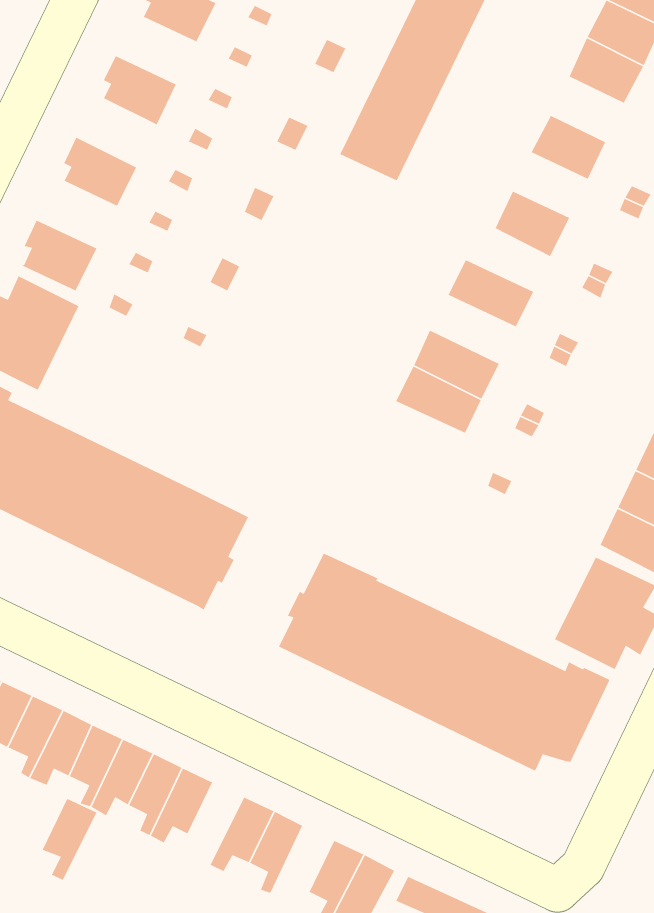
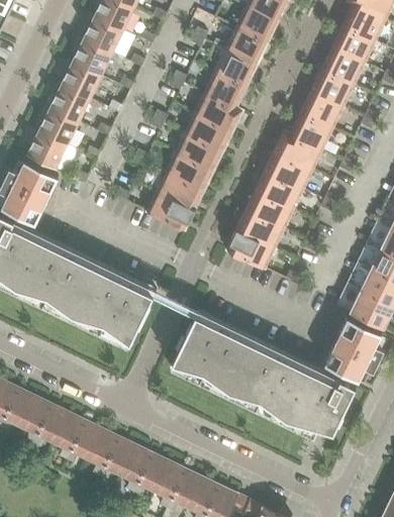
building: none -> [79,12,124,51]
building: none -> [322,47,364,84]
building: none -> [61,58,102,98]
building: none -> [301,90,343,126]
building: none -> [146,91,243,229]
building: none -> [34,104,80,143]
building: none -> [275,129,322,168]
building: none -> [255,170,303,208]
building: none -> [226,229,275,268]
building: [42,798,98,881] -> [119,442,151,489]
building: none -> [166,467,201,509]

